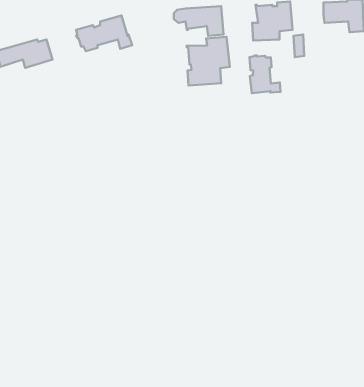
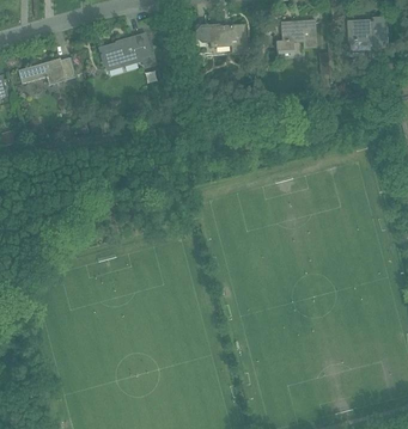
building: [187,37,230,85] -> none
building: [249,55,281,93] -> none

